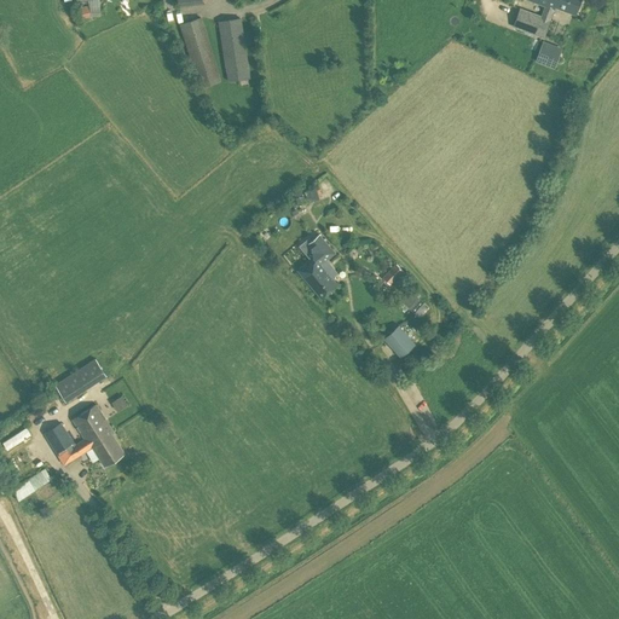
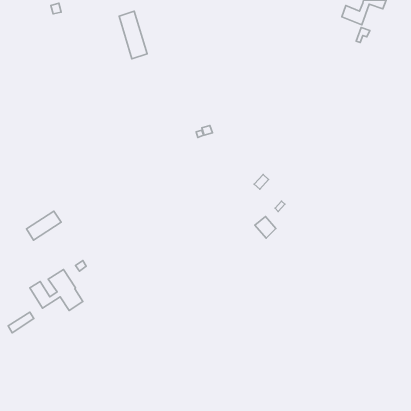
building: [219,17,250,81] -> none
building: [297,233,337,297] -> none
building: [54,358,106,401] -> [26,211,61,240]

